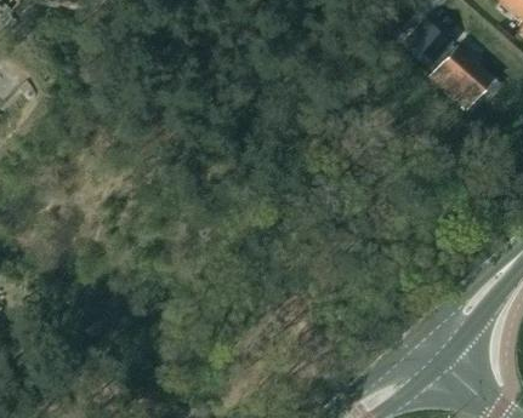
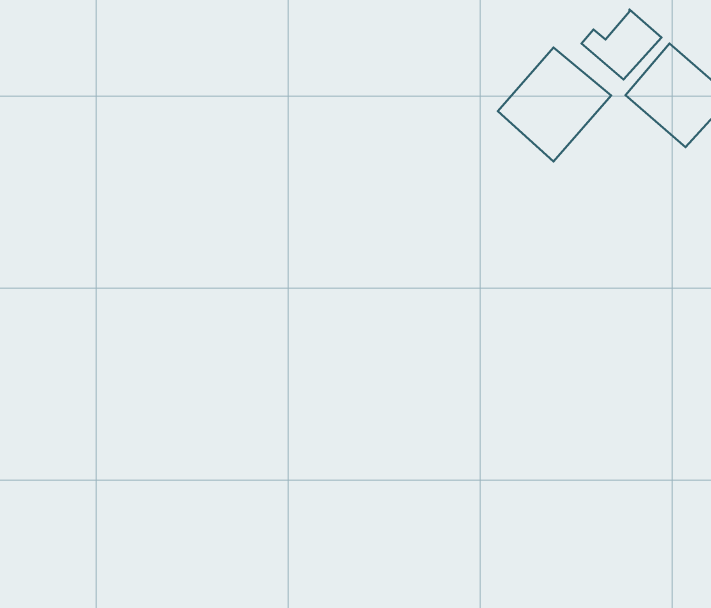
building: none -> [498,48,611,161]

